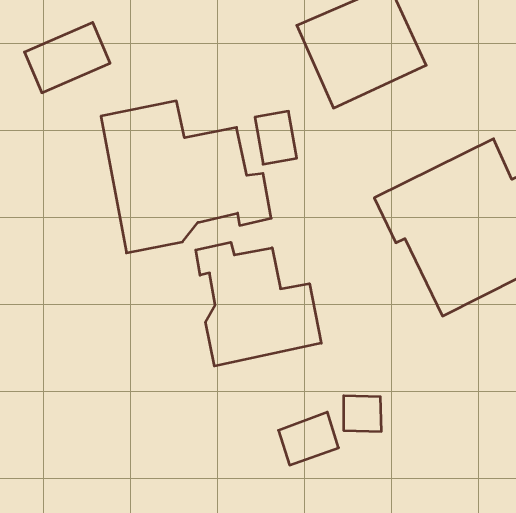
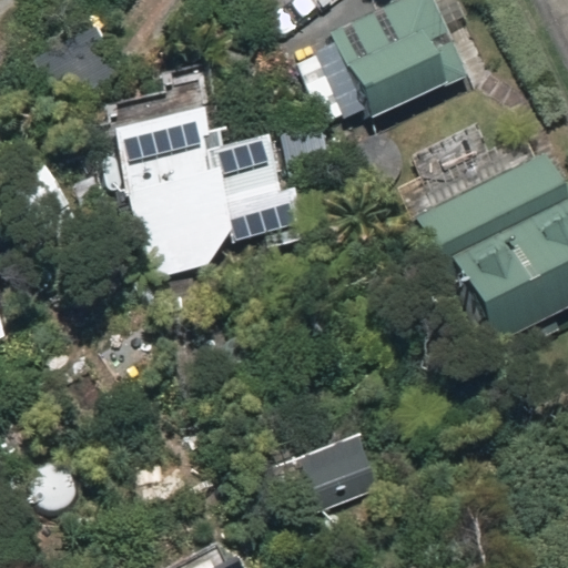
building: [196,242,321,366] -> none

